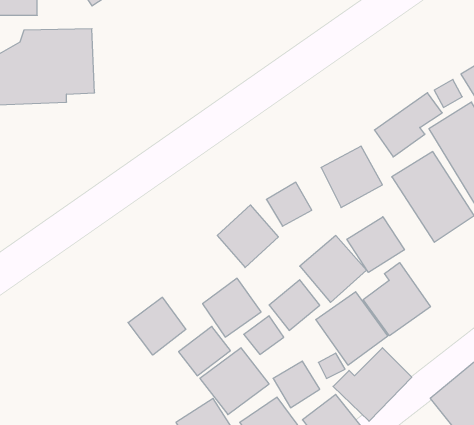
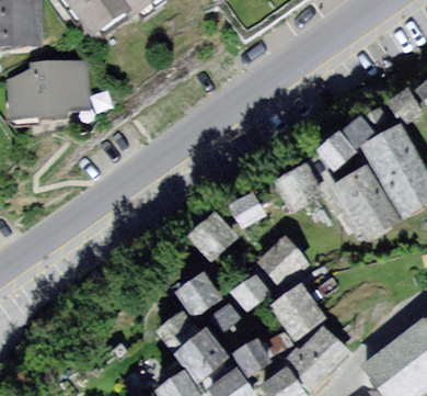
building: [347,217,404,272] -> none
building: [363,263,430,336] -> none
building: [128,297,186,355] -> none

